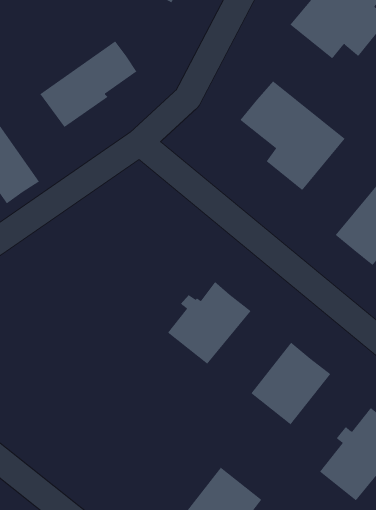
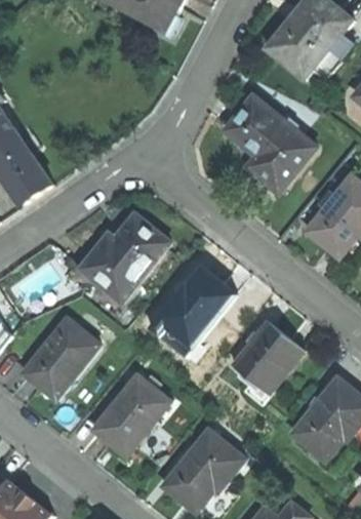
building: [40,41,137,128] -> none
building: none -> [79,213,168,302]
building: none -> [23,319,98,398]
building: none -> [93,375,168,454]

